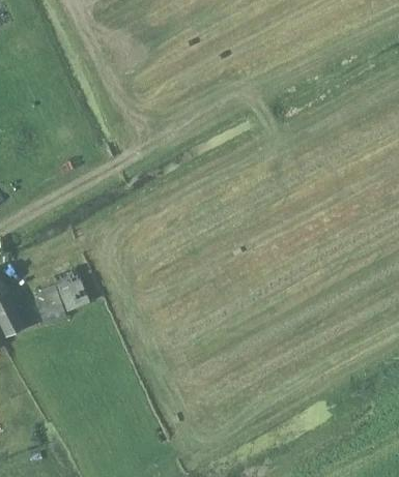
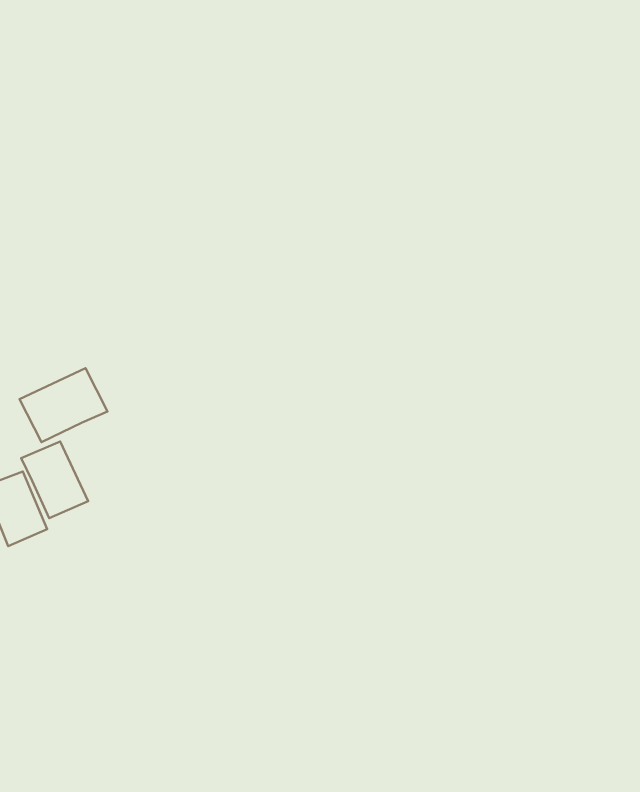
building: none -> [20,368,107,442]

